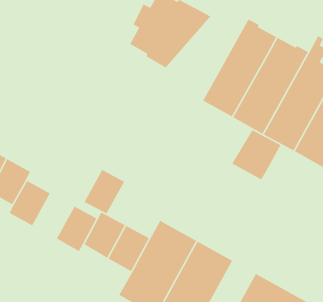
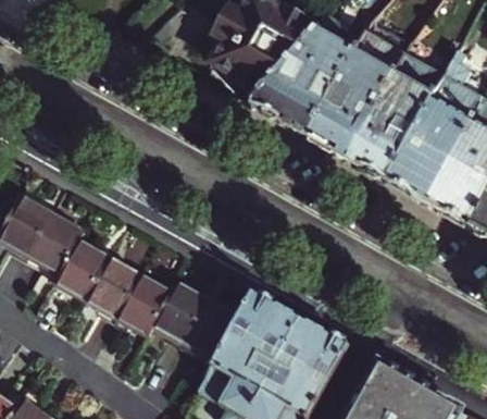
building: none -> [250,15,362,136]
building: [231,129,282,180] -> none
building: [84,169,125,215] -> [86,257,140,317]

